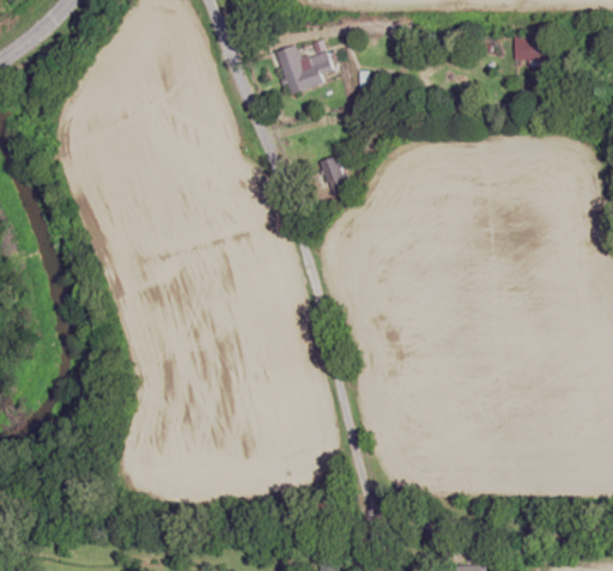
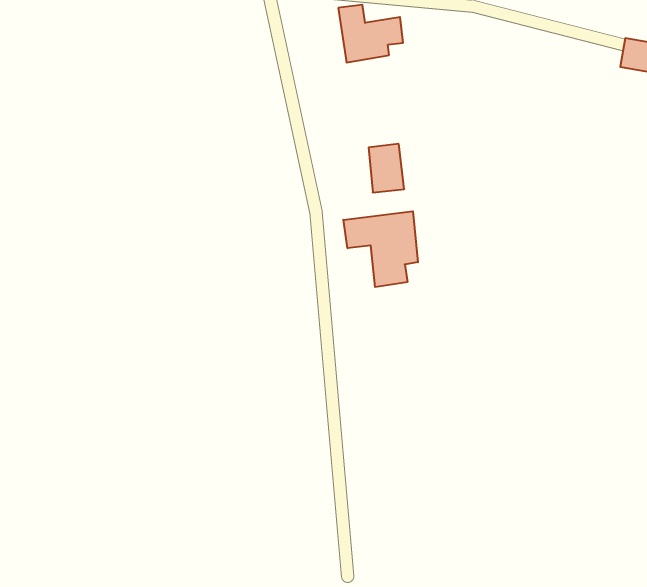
building: none -> [343,211,418,287]

